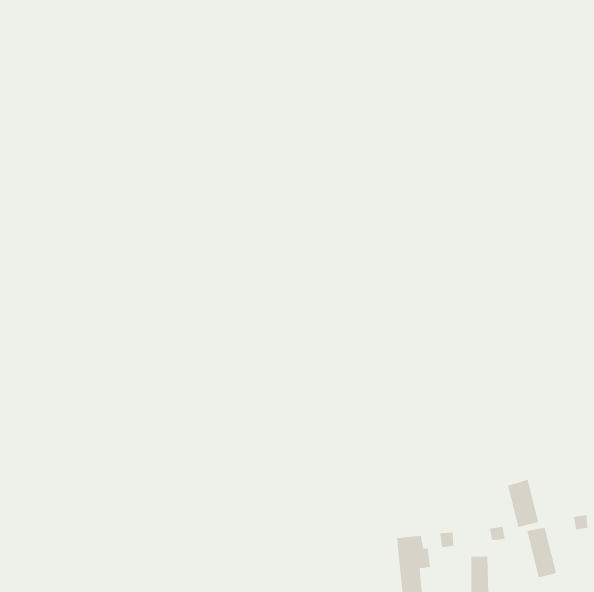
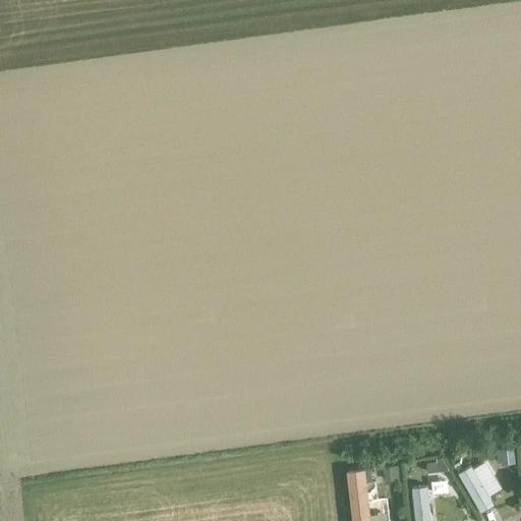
building: [507,479,539,528] -> none

